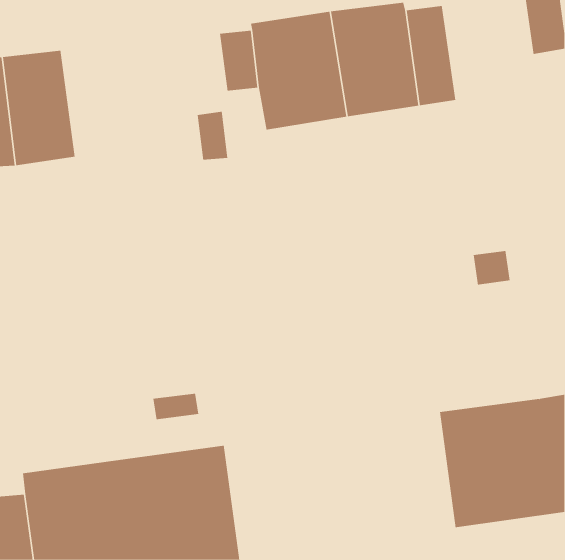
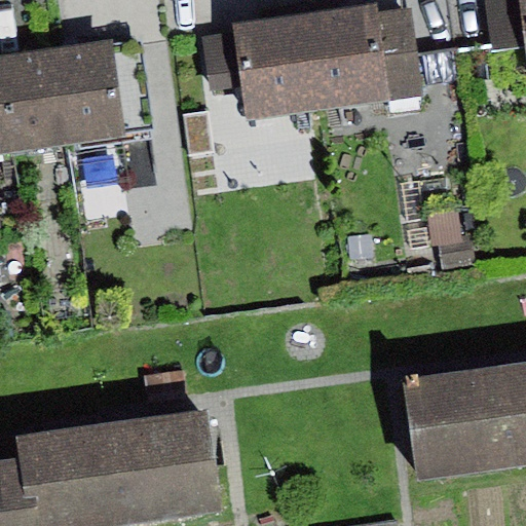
building: none -> [57,36,151,145]

